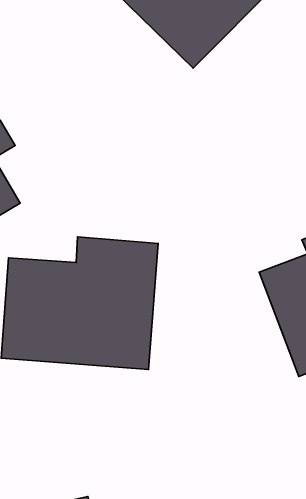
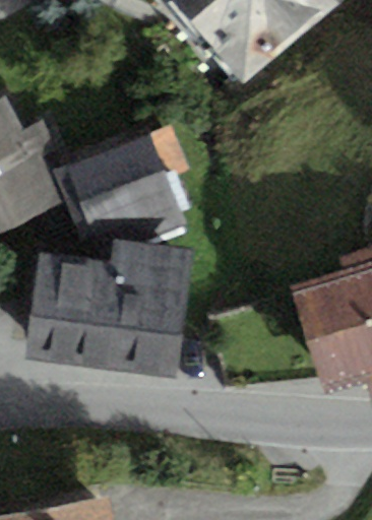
building: none -> [58,121,191,248]

